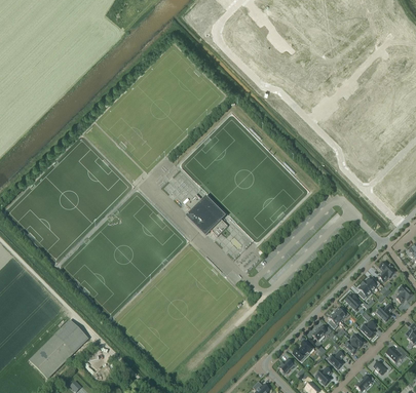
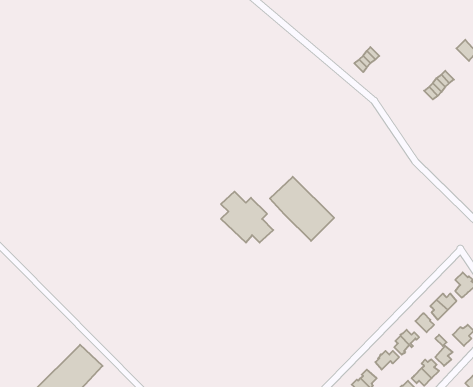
building: none -> [270,177,334,241]

